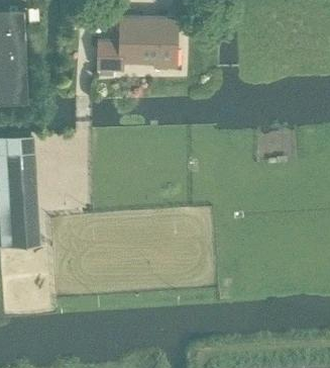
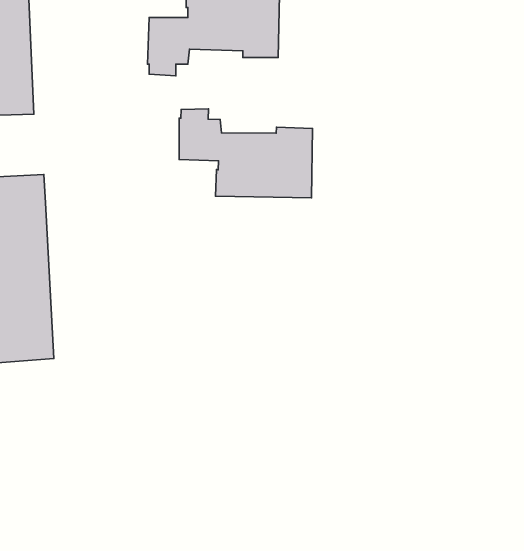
building: none -> [179,109,313,198]

